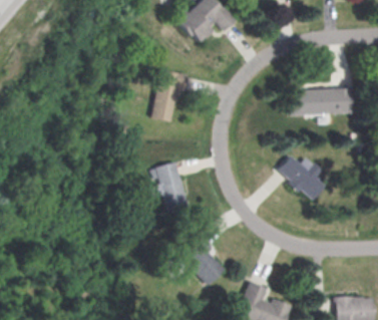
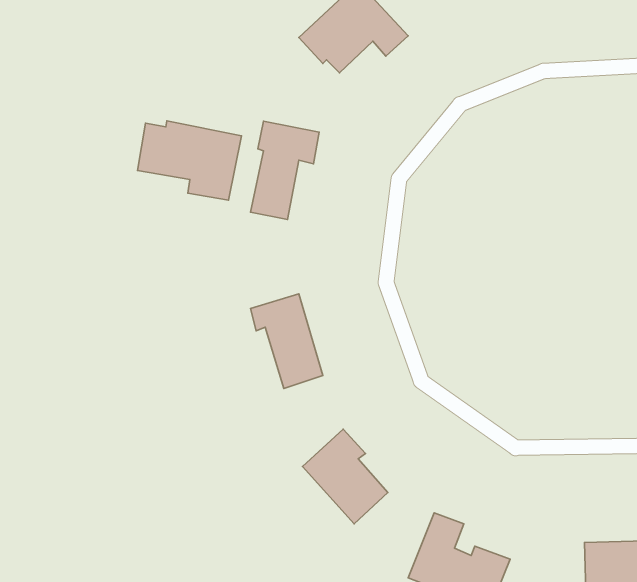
building: none -> [138,121,242,200]
building: [292,87,352,115] -> none
building: [278,155,325,201] -> none

